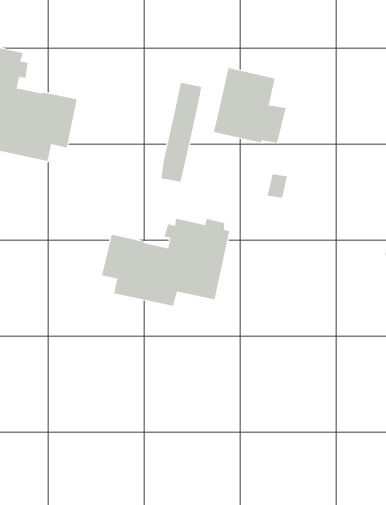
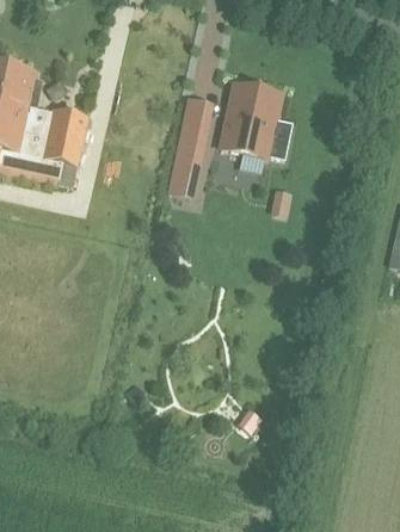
building: [102,218,230,307] -> none

